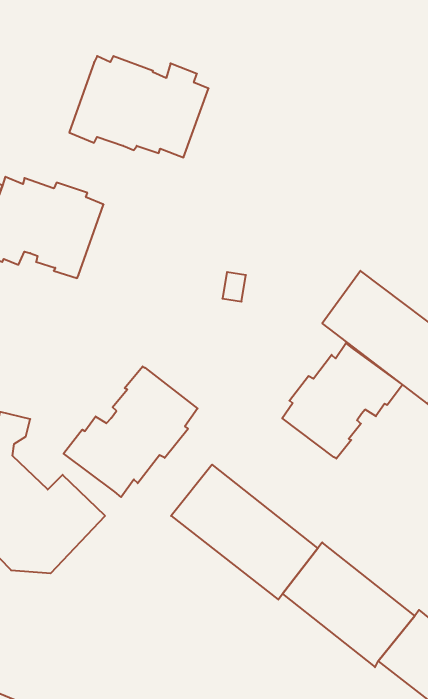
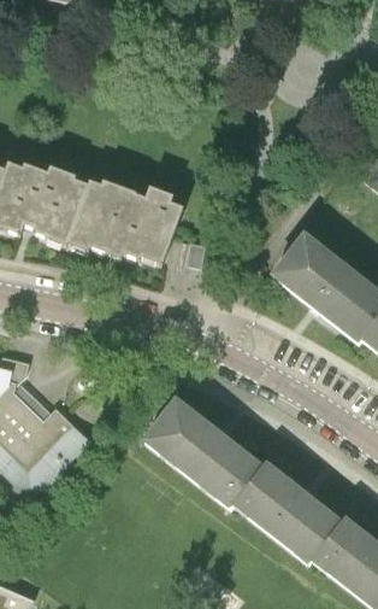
building: [69,56,209,157] -> [69,180,183,263]
building: [282,343,402,459] -> none
building: [64,366,198,497] -> none

